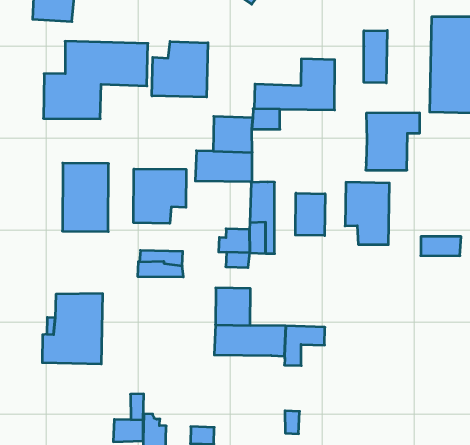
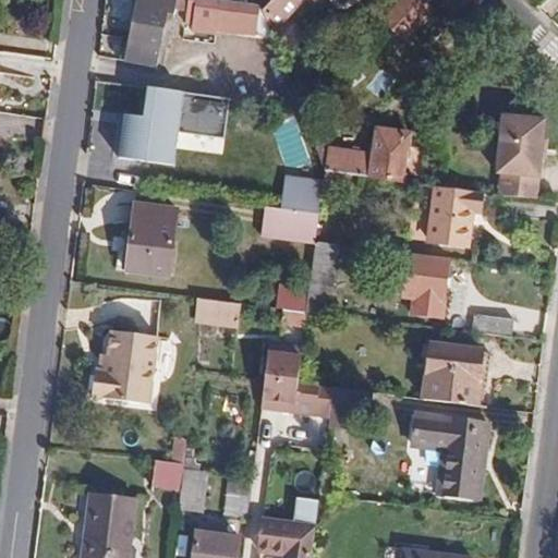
building: [364,30,387,83] -> none
building: [152,41,208,97] -> none
building: [134,169,186,223] -> none
building: [295,193,325,236] -> none
building: none -> [422,341,481,404]
building: none -> [411,412,489,505]

